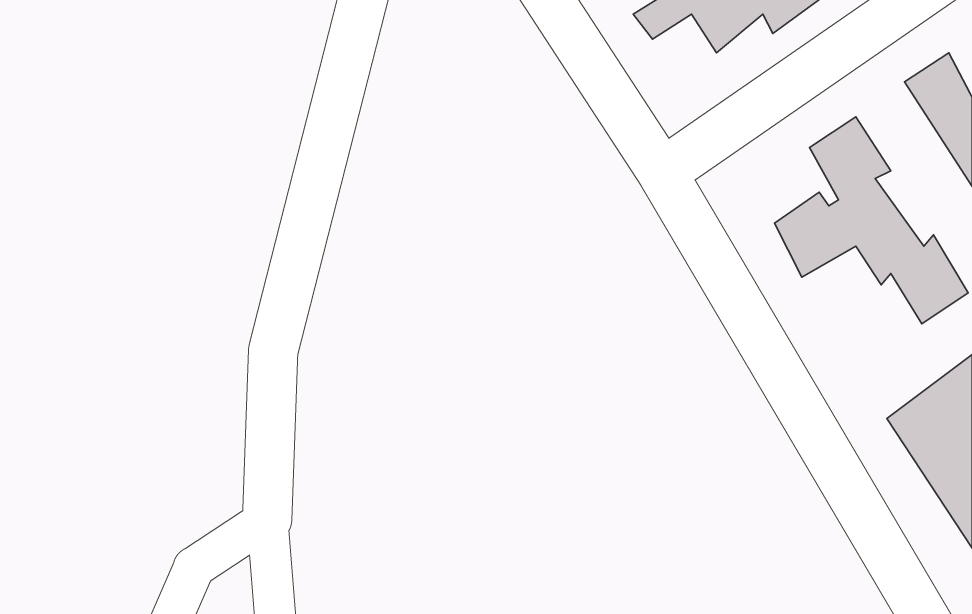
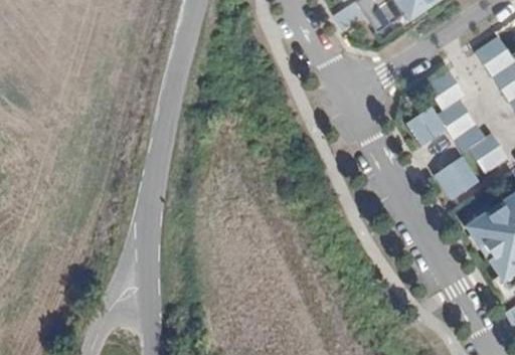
building: none -> [434,155,479,202]

